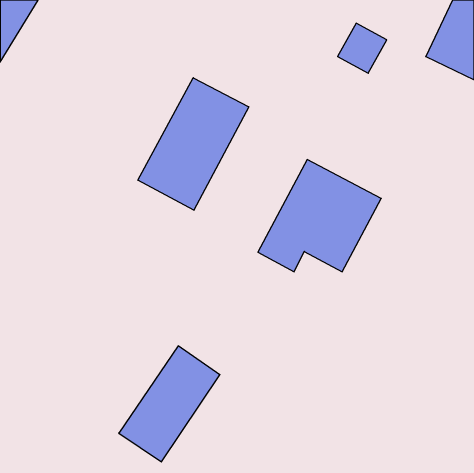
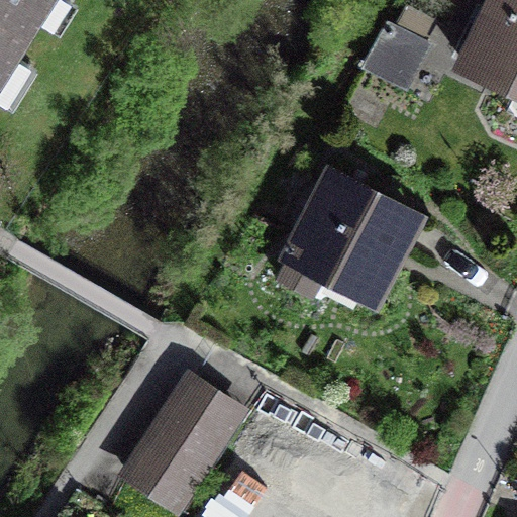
building: [138,78,249,210] -> none

